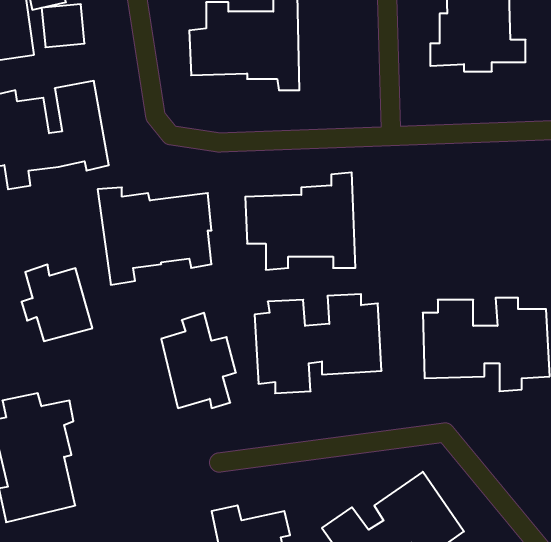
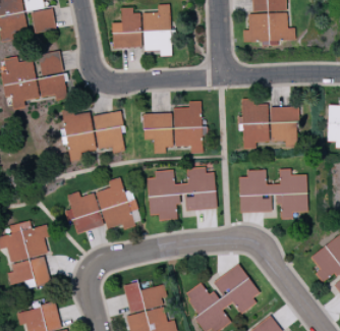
building: none -> [242,99,299,149]
building: [21,265,92,341] -> [65,191,104,233]

